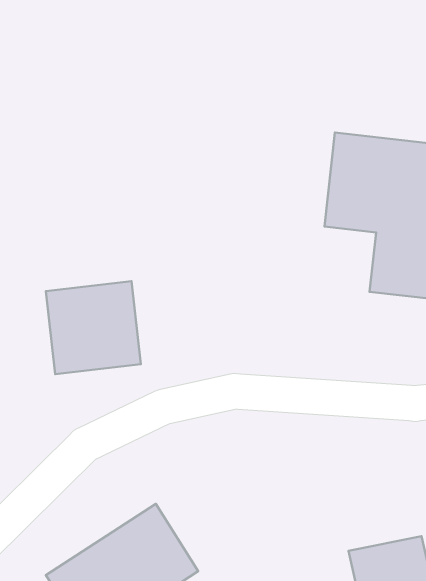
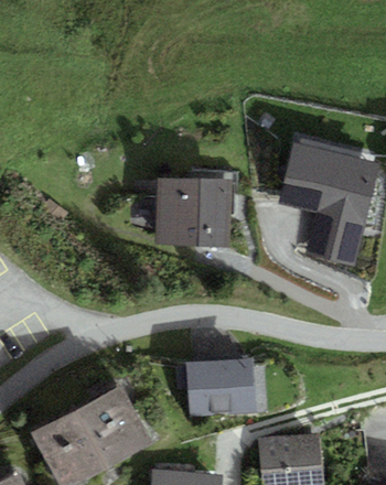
building: [46,281,141,374] -> [162,181,226,243]
building: none -> [195,363,257,413]

